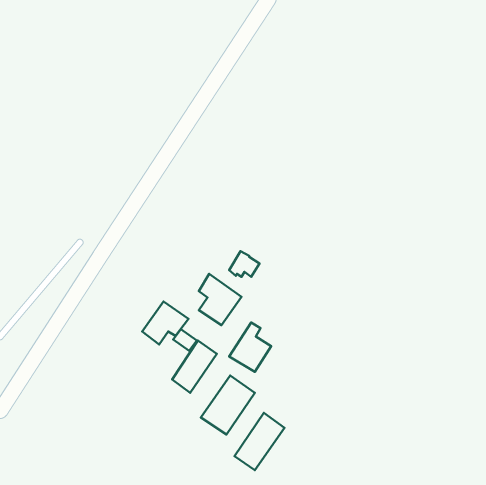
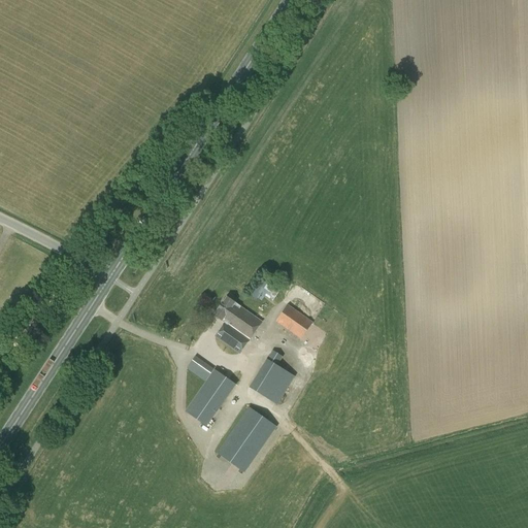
building: none -> [275,303,314,338]
building: [142,301,189,344] -> none
building: [234,413,284,470] -> none

